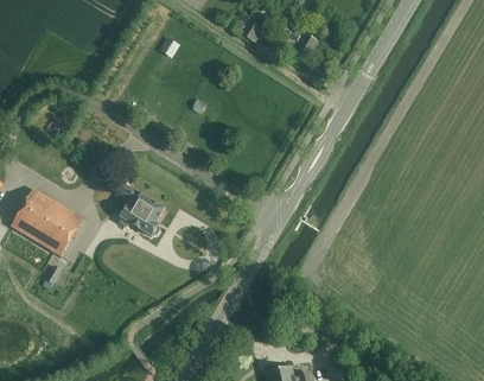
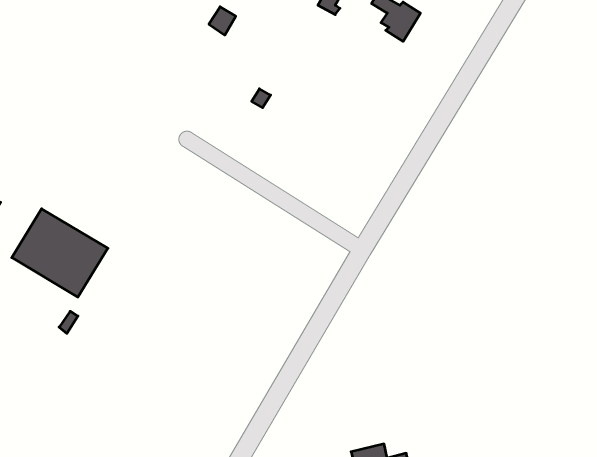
building: [116,183,165,236] -> none

